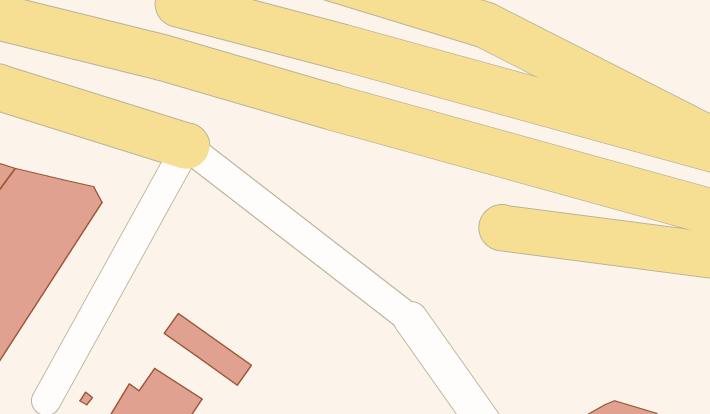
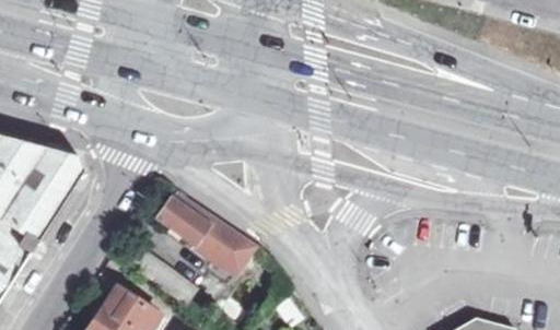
building: none -> [156,191,254,273]

